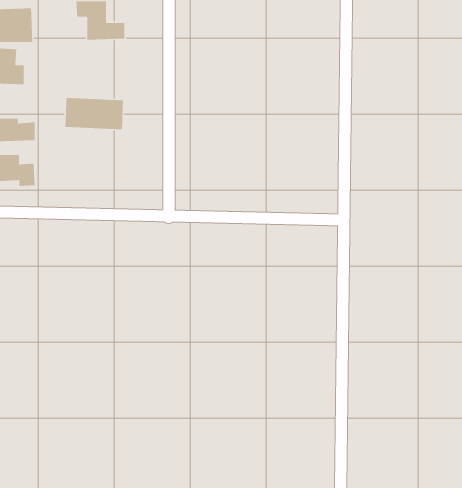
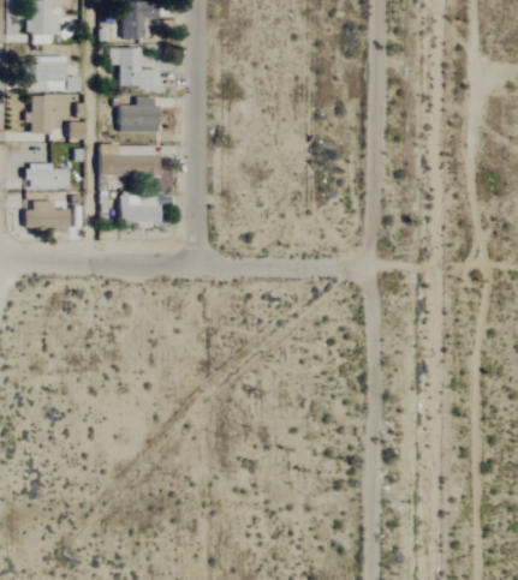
building: none -> [53,94,75,127]
building: none -> [119,97,159,132]
building: none -> [120,195,160,223]

